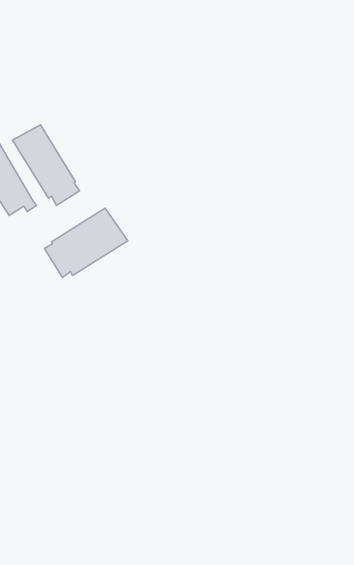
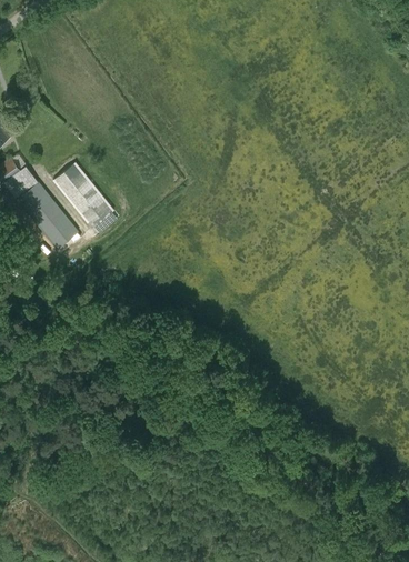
building: [45,208,128,278] -> none

